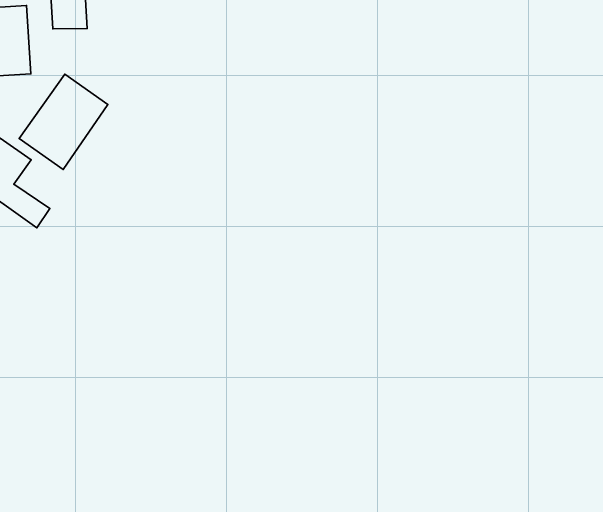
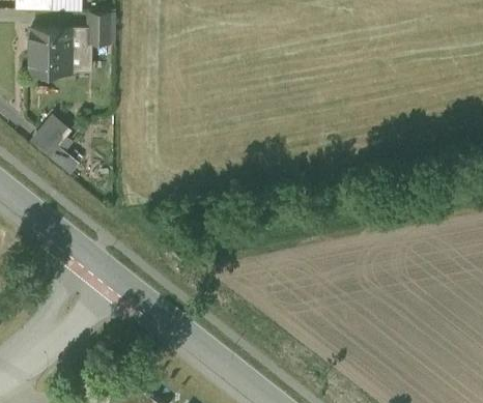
building: [19,74,108,170] -> none

